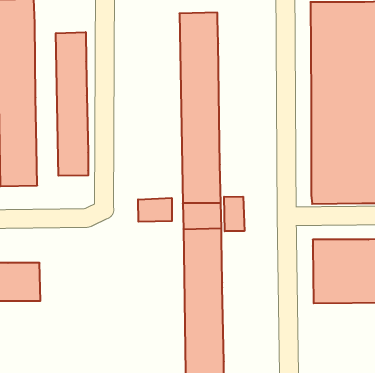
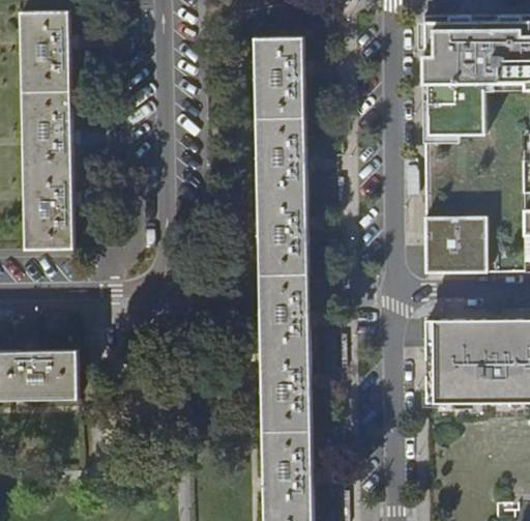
building: [56,32,88,176] -> none
building: [224,197,244,231] -> none
building: [138,198,172,222] -> none

